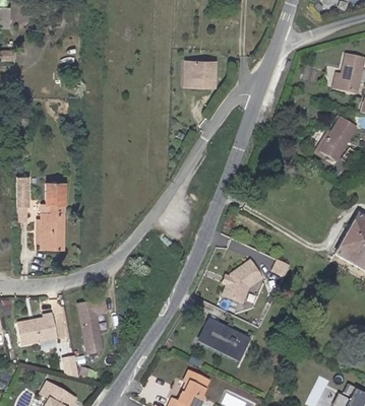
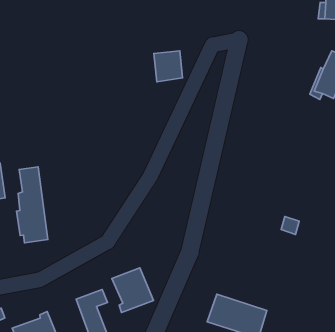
building: [191,59,216,84] -> [154,51,183,82]
building: [221,259,262,302] -> none
building: none -> [112,268,154,312]

